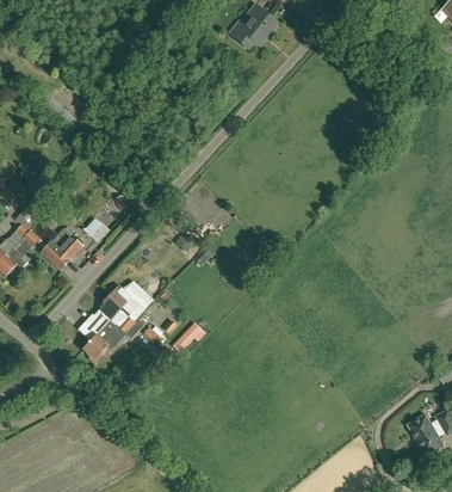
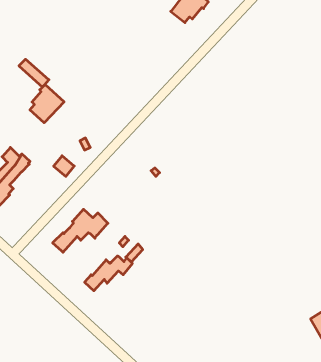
building: none -> [30,85,64,123]
building: [39,228,83,270] -> none
building: [83,315,144,359] -> [85,256,132,291]

